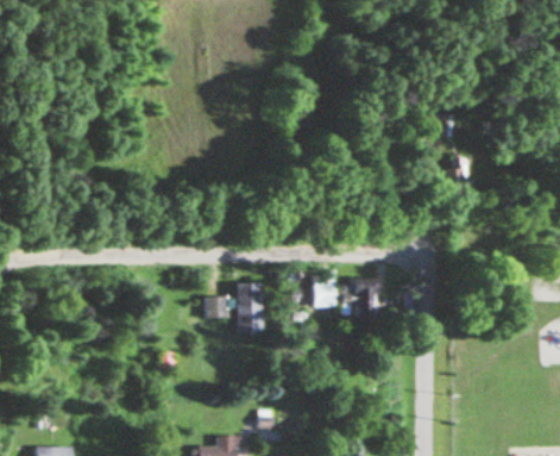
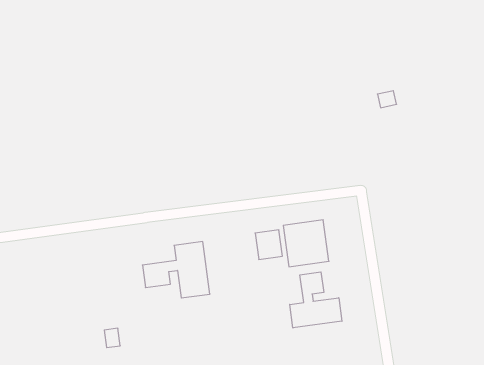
building: none -> [290,272,342,328]

